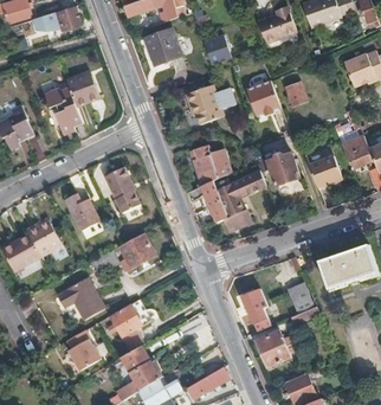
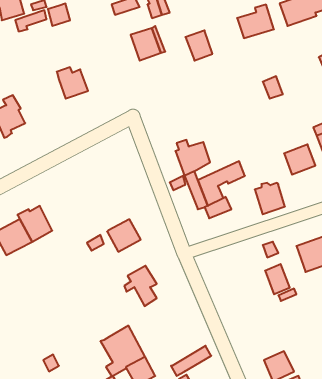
building: [246,82,280,117] -> none
building: [44,85,83,134] -> none
building: [186,85,225,126] -> none
building: [266,154,298,187] -> [255,183,285,214]
building: [103,167,140,213] -> none
building: [63,194,99,231] -> none
building: [56,278,103,321] -> none
building: [243,290,275,332] -> none
building: [105,304,140,347] -> [124,266,157,306]
building: [66,329,101,369] -> none
building: [256,330,291,367] -> none

